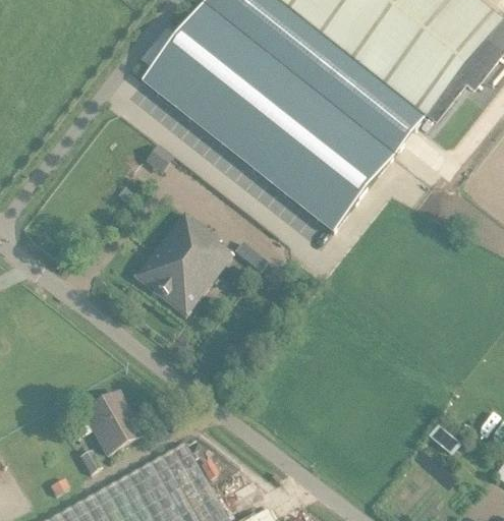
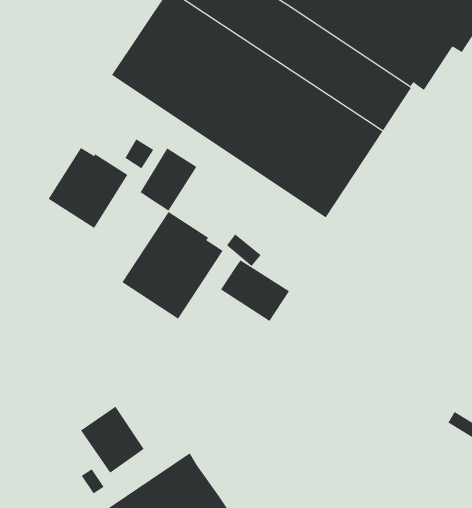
building: none -> [48,147,128,229]
building: none -> [140,148,197,211]
building: none -> [220,260,290,322]

